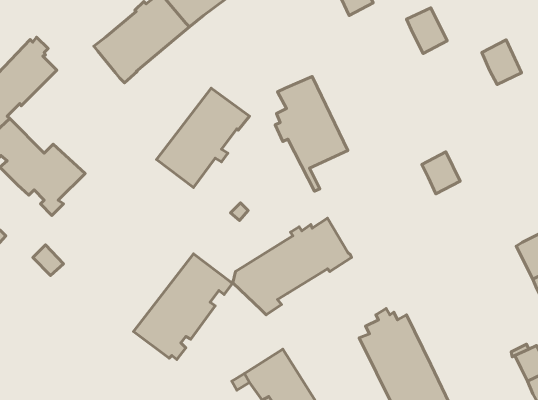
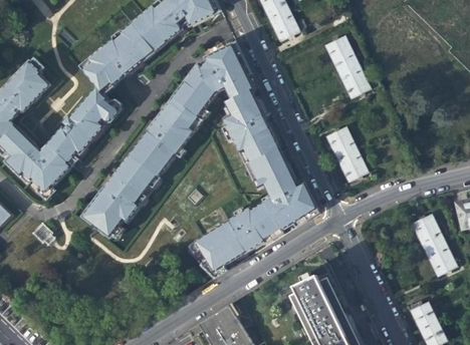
building: none -> [172,42,253,120]
building: [482,40,521,84] -> [338,61,370,96]
building: none -> [47,86,121,165]
building: none -> [326,126,357,158]
building: none -> [249,147,319,230]
building: [133,254,233,359] -> [81,154,160,238]

